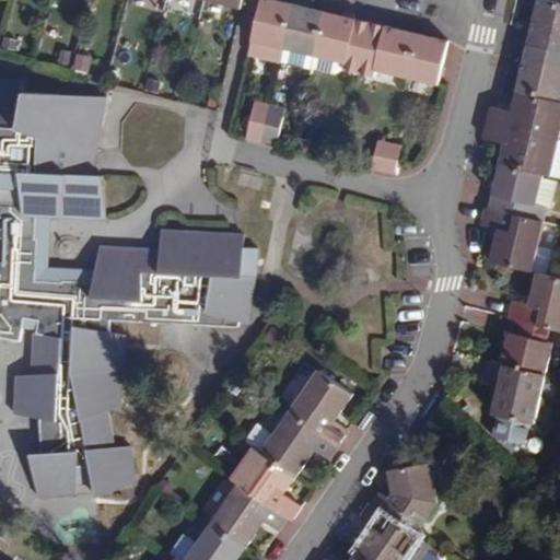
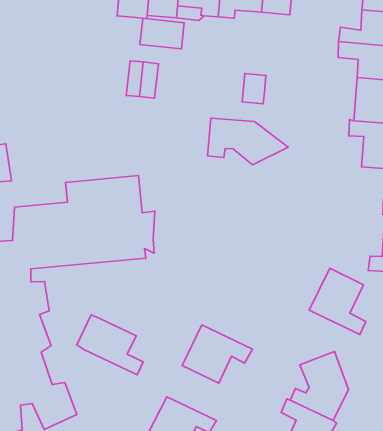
building: none -> [140,18,184,49]
building: none -> [208,118,288,165]
building: [288,364,351,442] -> [309,268,366,334]
building: [230,443,300,516] -> [77,315,143,375]

